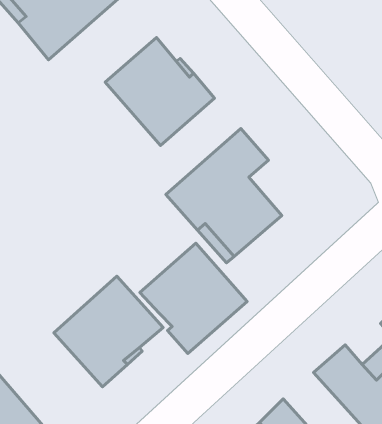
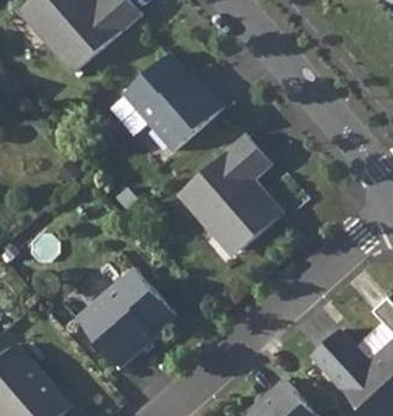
building: [140,243,247,353] -> none

